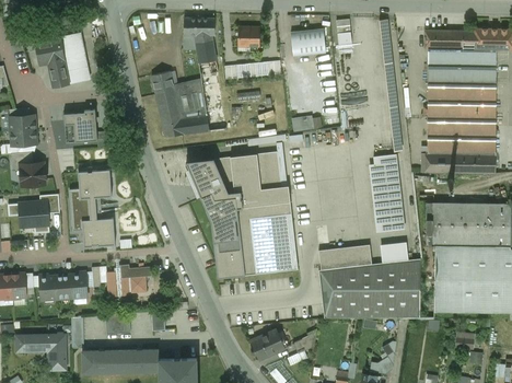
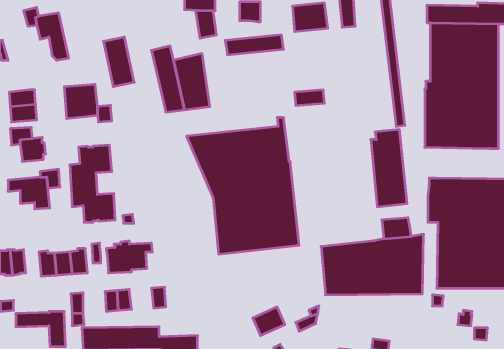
building: [59,34,90,83] -> [103,37,134,87]
building: [318,245,372,270] -> none

